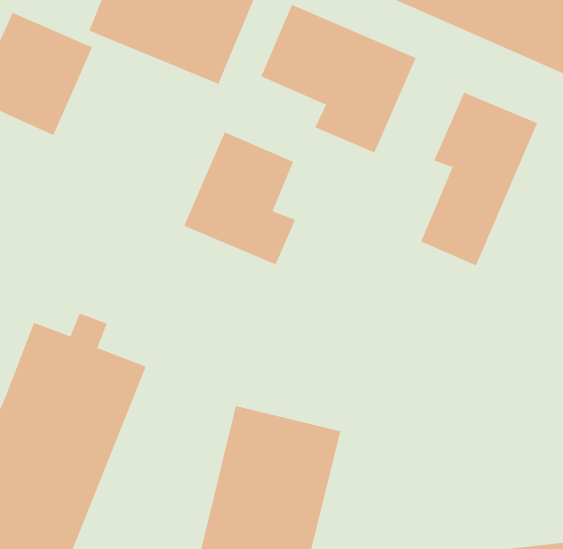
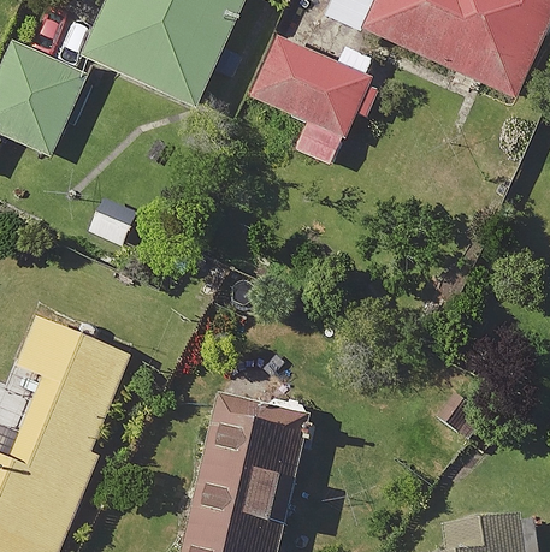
building: [420,92,538,266] -> none
building: [184,131,296,265] -> none

